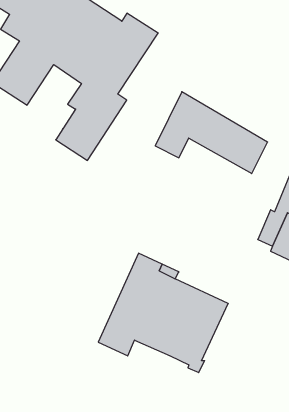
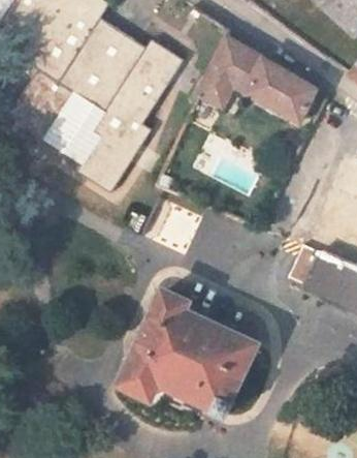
building: none -> [46,93,103,160]
building: [155,92,268,174] -> [198,36,316,122]

